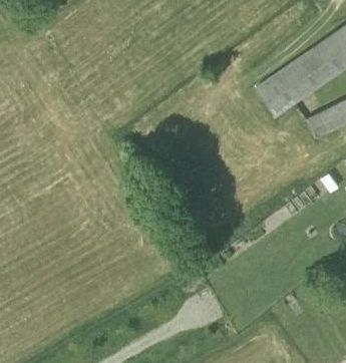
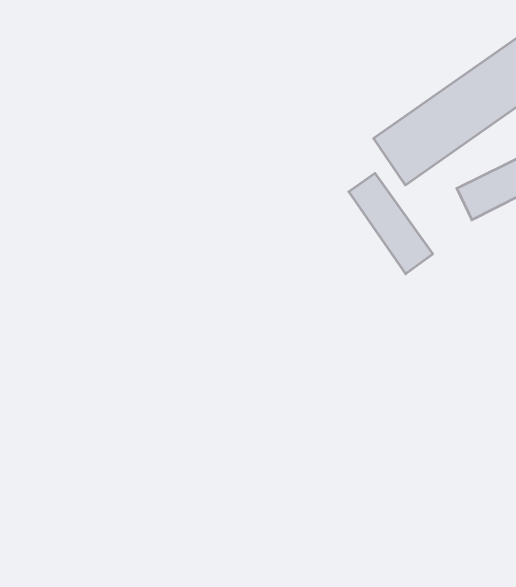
building: none -> [349,173,433,274]

